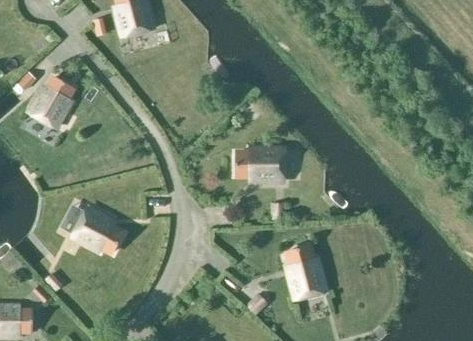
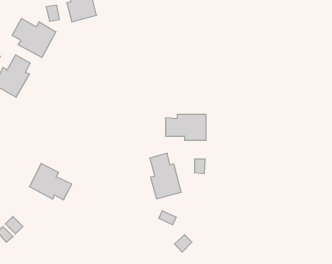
building: none -> [12,18,56,57]
building: [288,245,326,300] -> [150,153,181,199]

